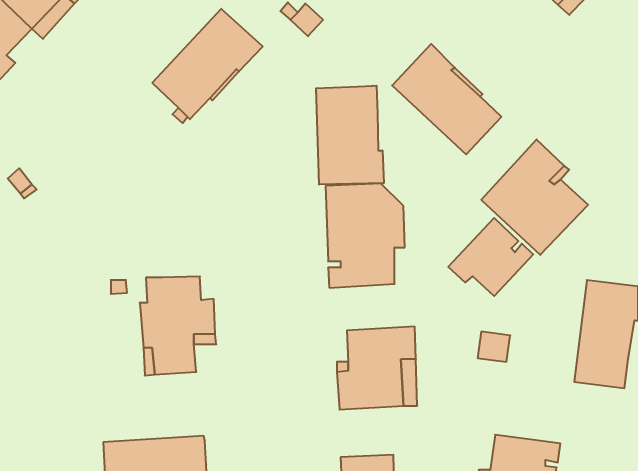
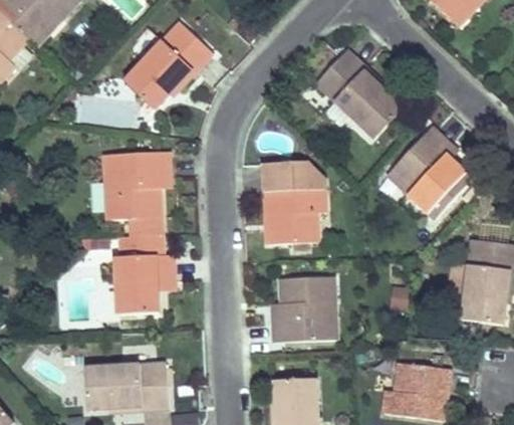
building: [316,86,384,185] -> none
building: none -> [103,151,170,236]
building: [448,218,533,296] -> none

